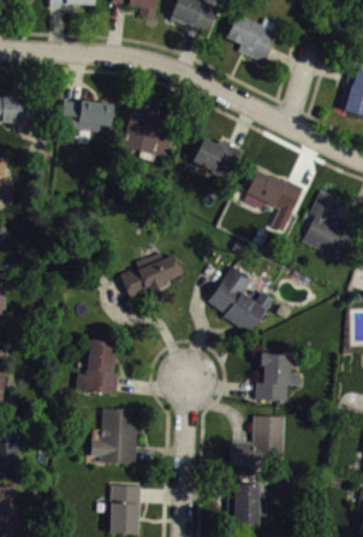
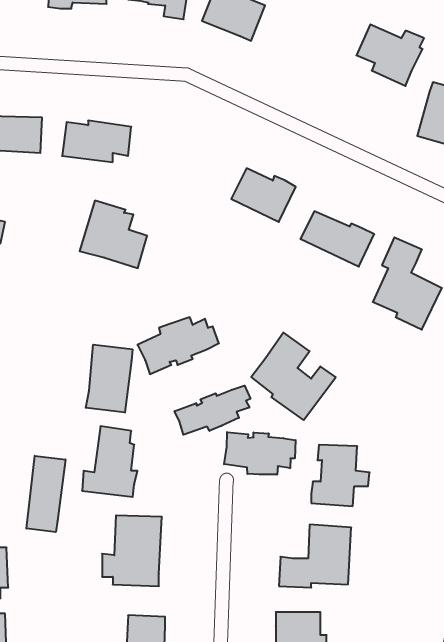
building: [226,16,279,64] -> [356,24,424,86]
building: [120,104,173,157] -> [80,201,147,268]
building: none -> [86,345,132,413]
building: none -> [175,386,250,435]
building: none -> [224,432,296,475]
building: none -> [26,456,65,532]

